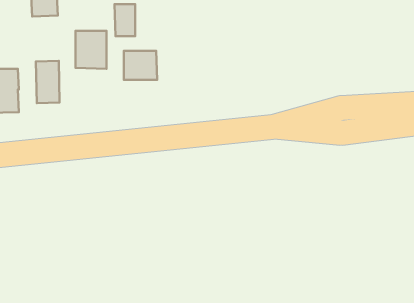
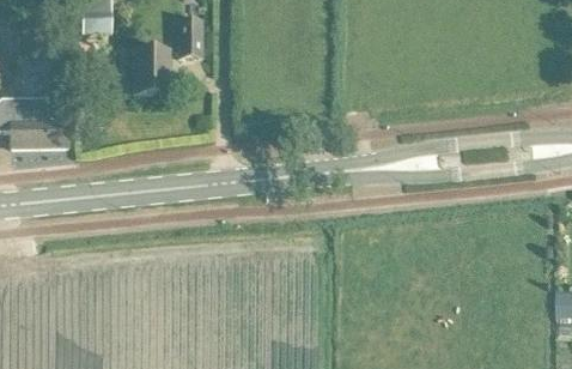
building: [124,51,157,80] -> none
building: [36,61,60,103] -> none

